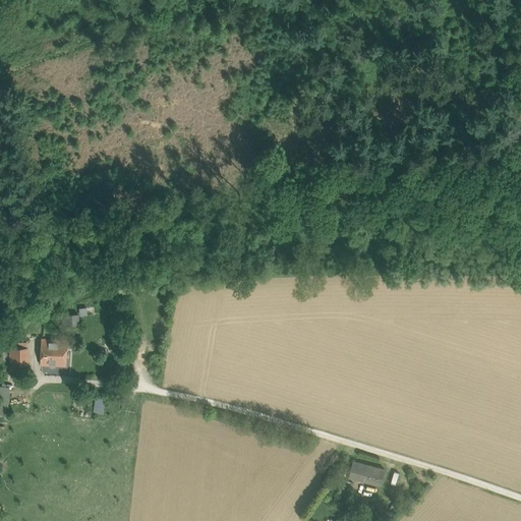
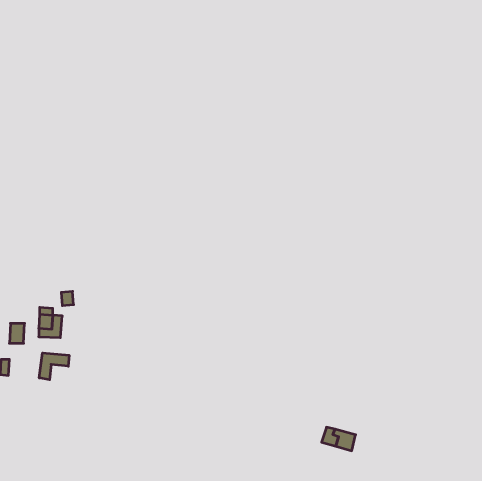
building: none -> [39,353,69,380]

